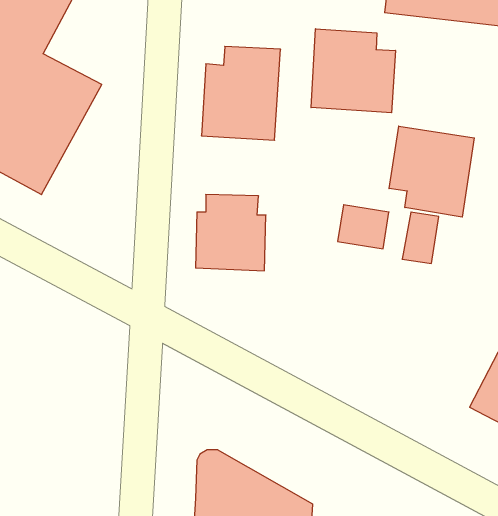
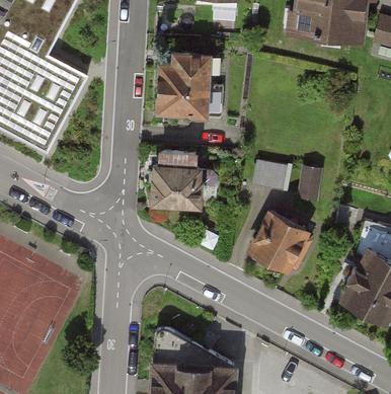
building: [311,29,395,113] -> none
building: [389,126,474,217] -> none
building: none -> [248,212,310,272]

